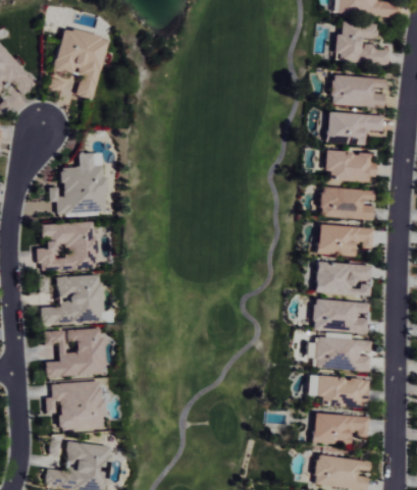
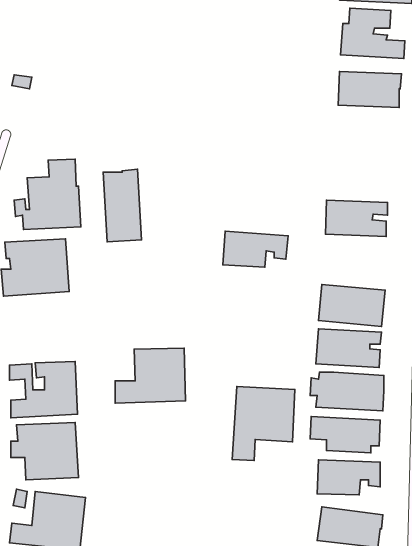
building: [52,28,106,99] -> none
building: [326,112,384,145] -> none
building: [324,151,376,181] -> none
building: none -> [103,169,142,242]
building: [317,224,374,256] -> [223,231,288,267]
building: [41,275,102,323] -> [115,348,185,403]
building: none -> [232,386,295,460]

